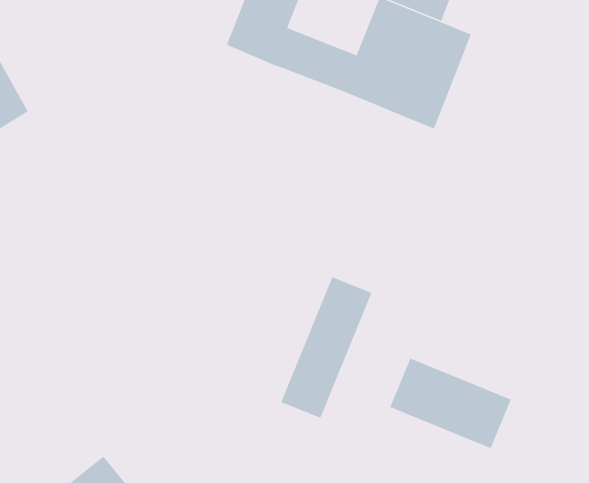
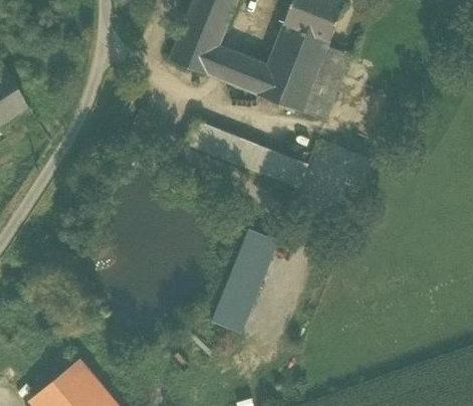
building: none -> [188,121,307,188]
building: [389,358,512,449] -> none

